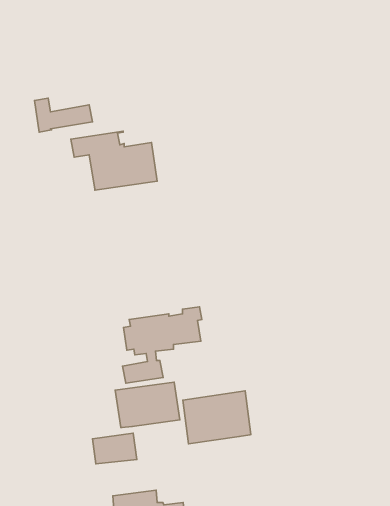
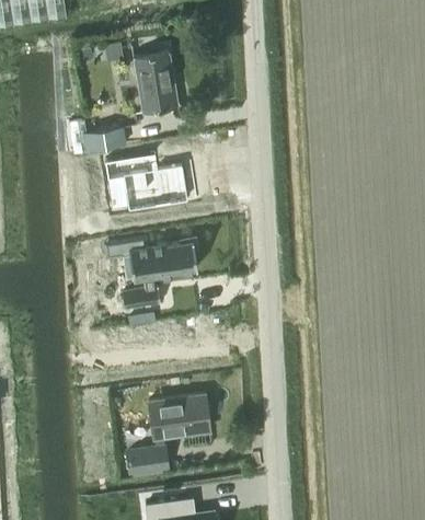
building: none -> [135,51,180,113]
building: [122,307,202,383] -> [123,236,199,310]
building: [183,391,251,444] -> none

